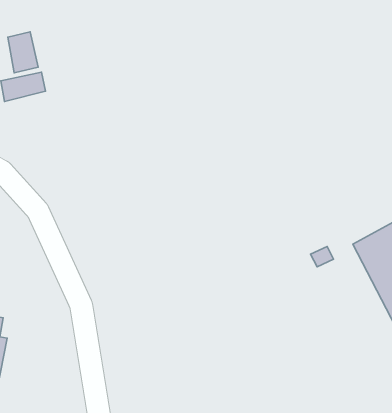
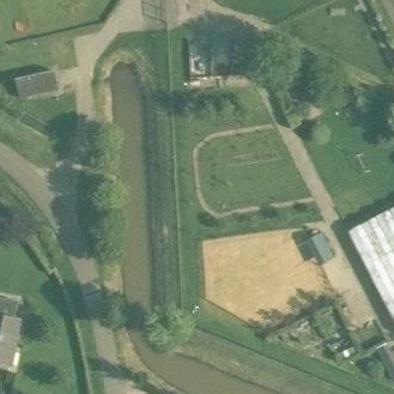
building: [8,32,38,73] -> none

